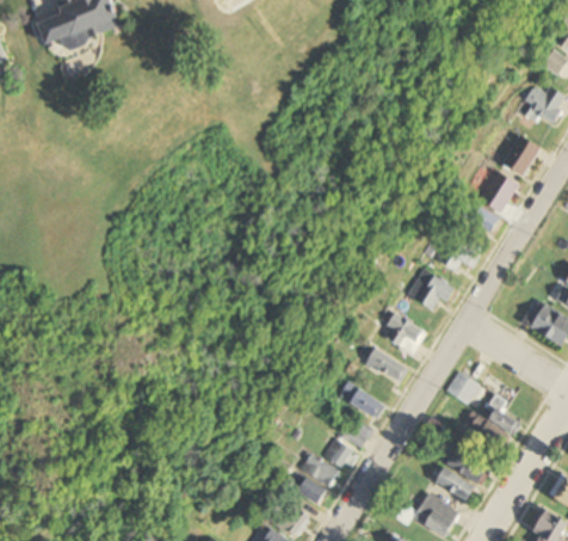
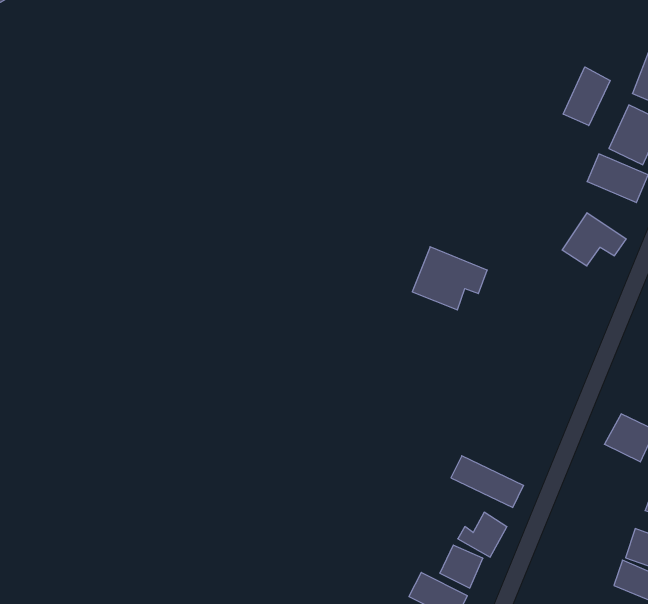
building: none -> [563,67,610,126]
building: [406,266,457,311] -> [412,247,487,310]
building: [387,312,427,355] -> none
building: [366,346,409,383] -> none

